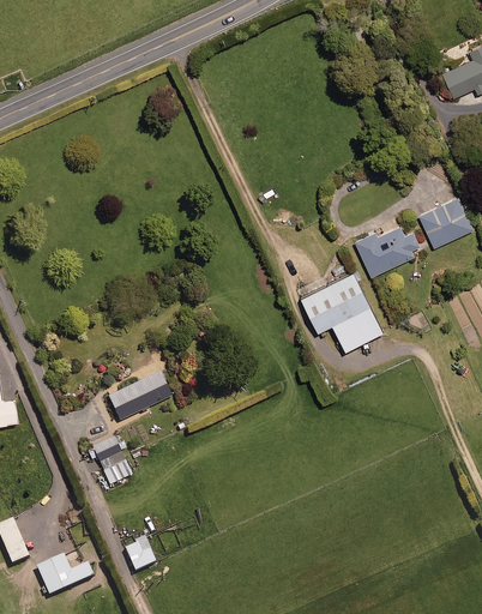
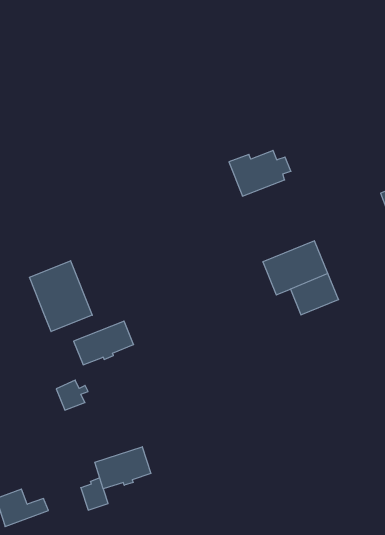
building: [354,225,420,276] -> [229,150,291,196]
building: none -> [29,261,92,332]
building: none -> [95,447,151,489]

